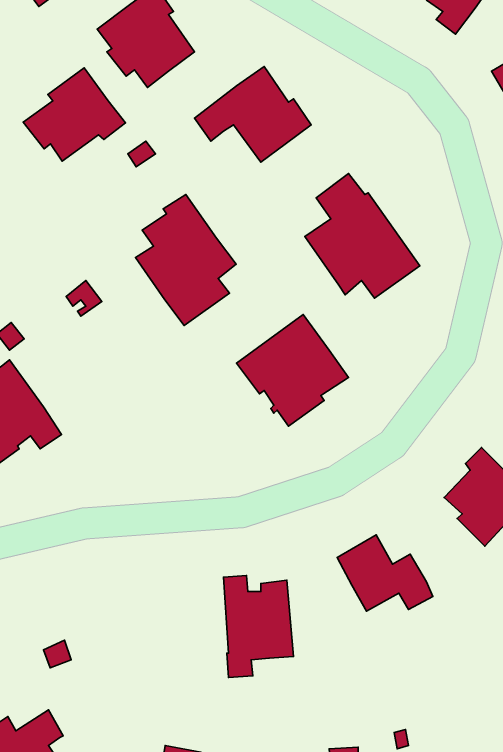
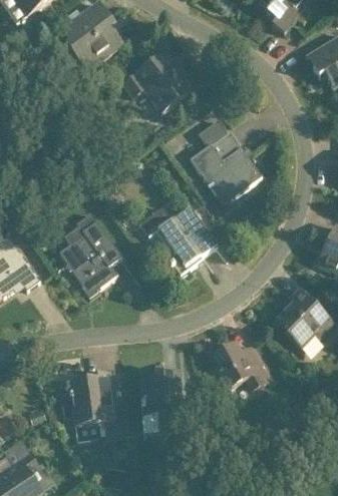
building: [23,68,125,161] -> none
building: [136,194,236,326] -> [60,213,122,295]
building: none -> [61,373,115,440]

